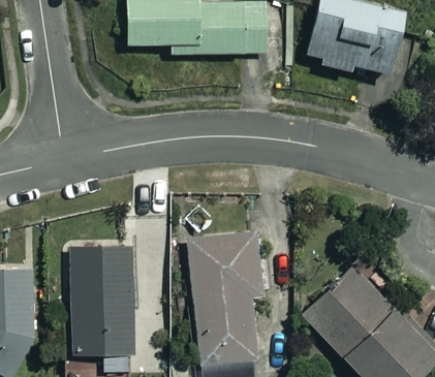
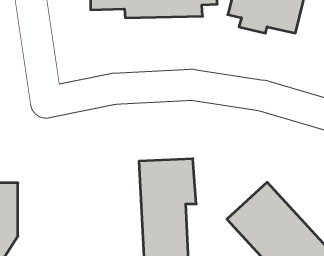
building: [71,246,132,351] -> none

